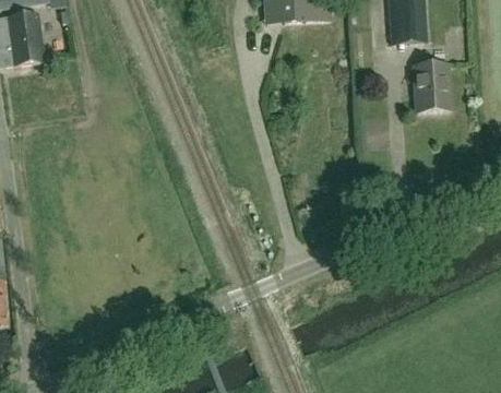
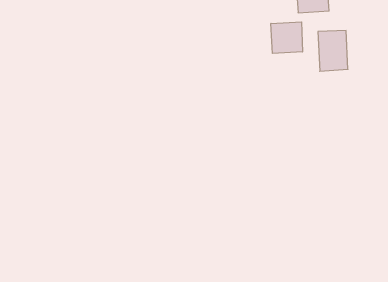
building: none -> [271,22,302,53]

